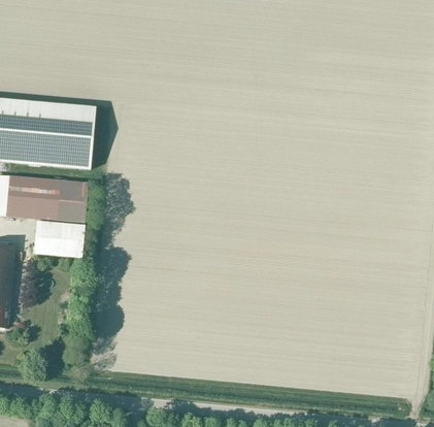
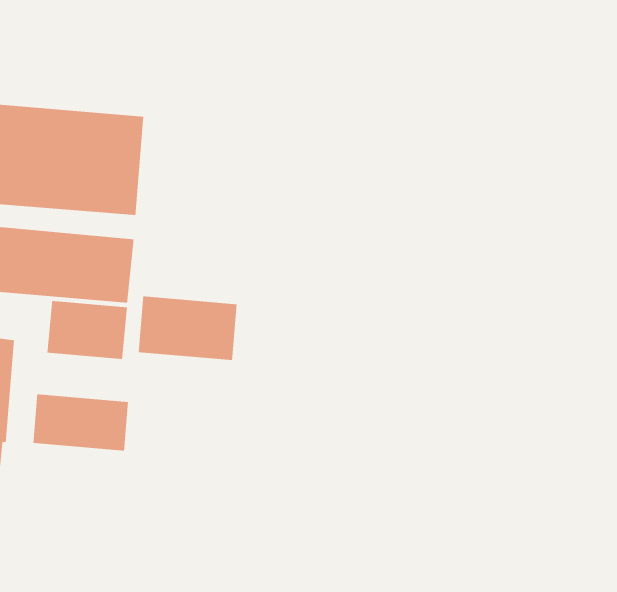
building: none -> [138,295,237,361]
building: none -> [32,393,129,451]

